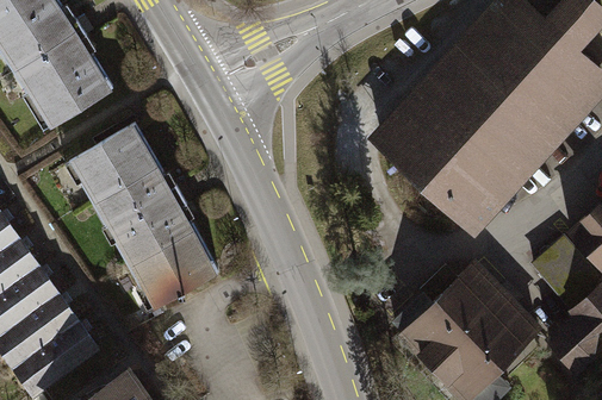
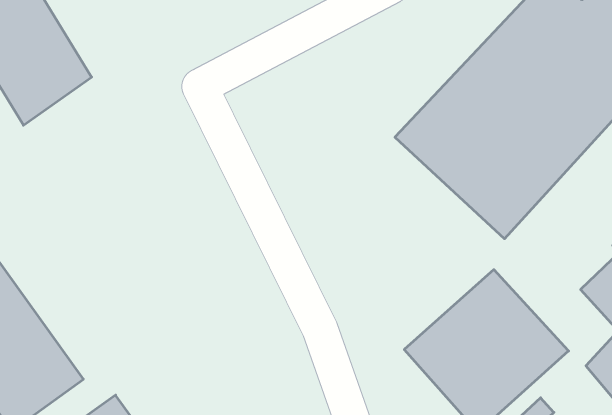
building: [69,125,215,308] -> none

